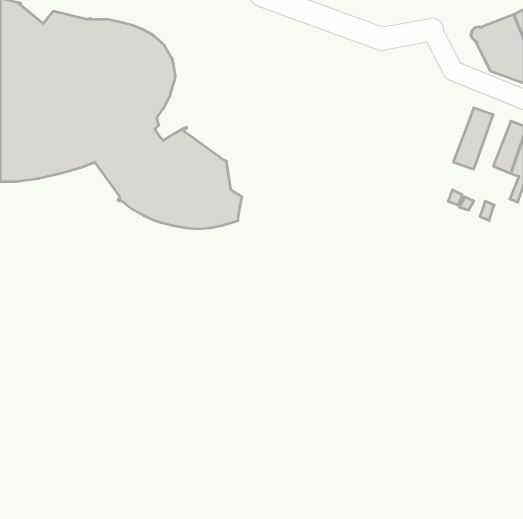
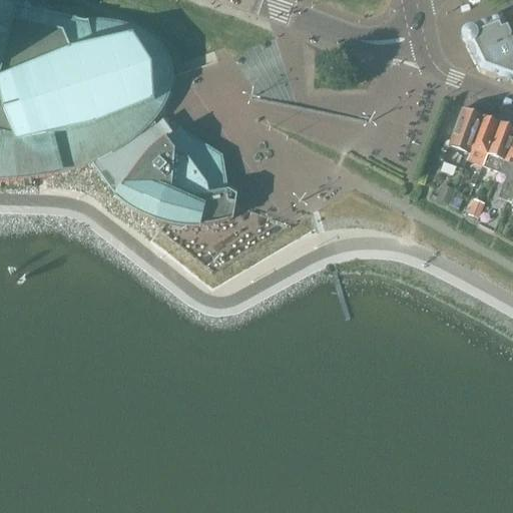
building: none -> [467,112,500,162]

